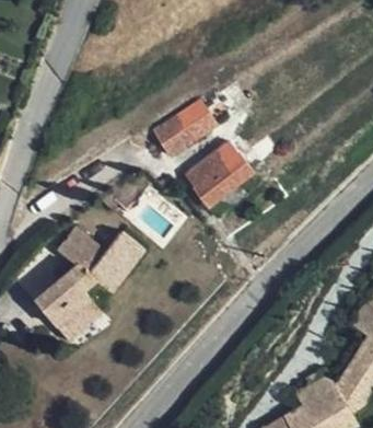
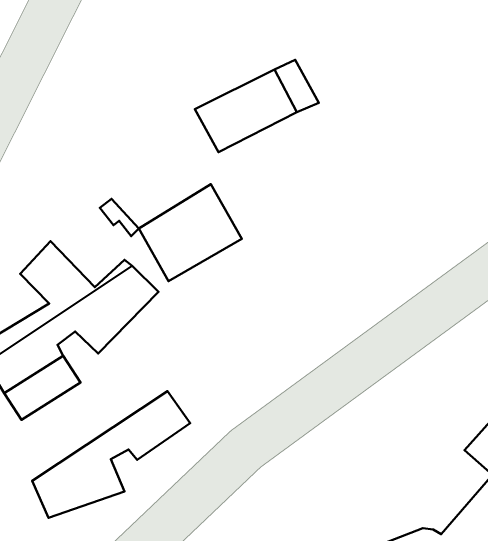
building: [185,140,250,205] -> [139,184,242,281]
building: none -> [32,391,190,518]

